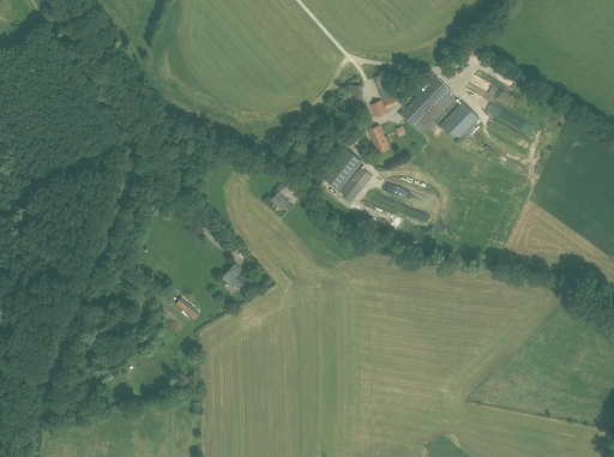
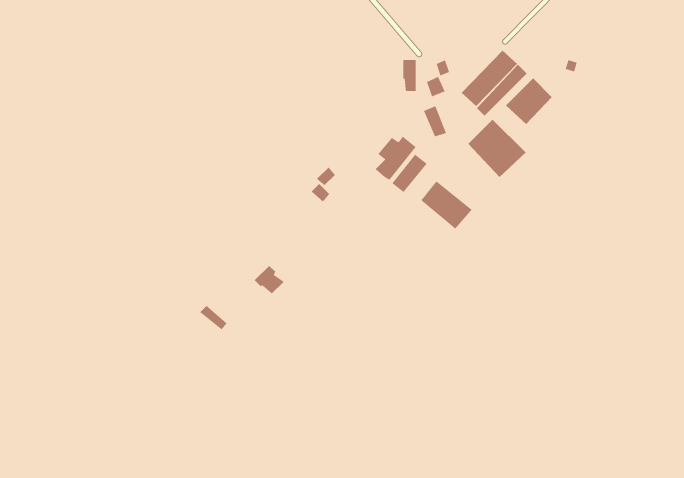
building: none -> [467,119,526,178]
building: none -> [421,181,473,229]

